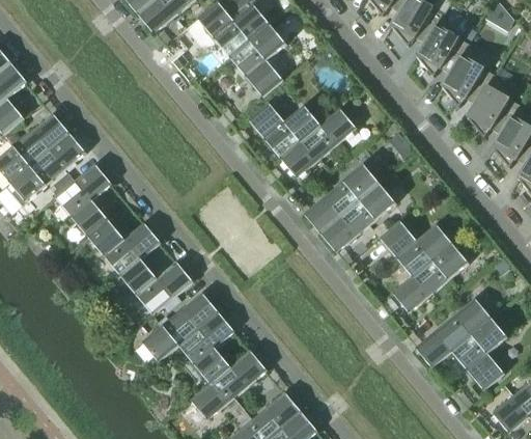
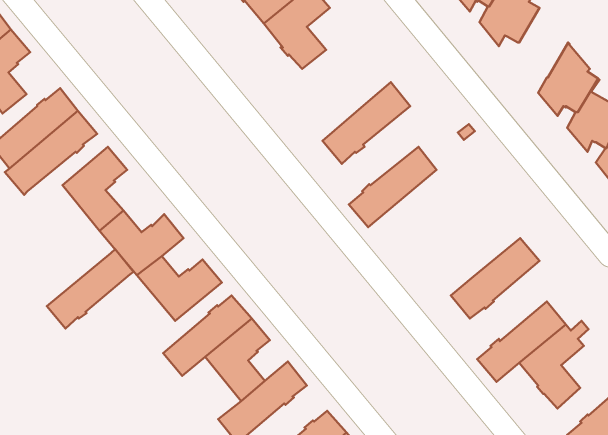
building: [441,43,493,106] -> none
building: [247,101,319,158] -> none
building: [319,183,395,251] -> none
building: [379,219,451,275] -> none
building: none -> [47,249,134,328]

